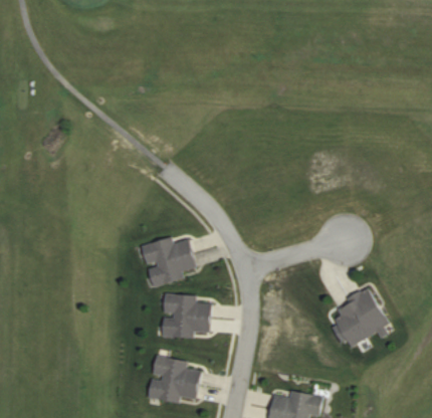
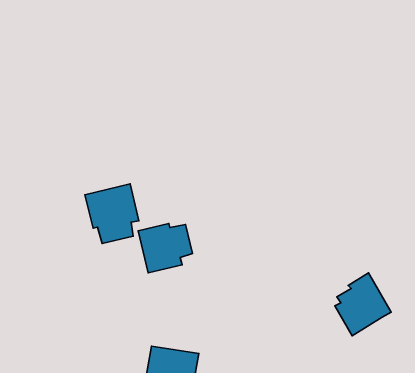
building: none -> [85,184,139,244]
building: [162,293,210,339] -> none

